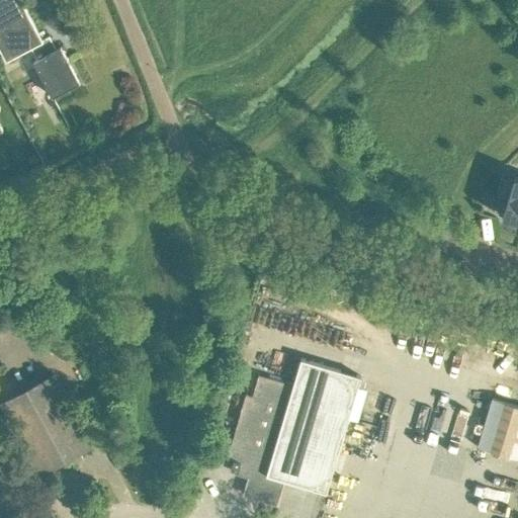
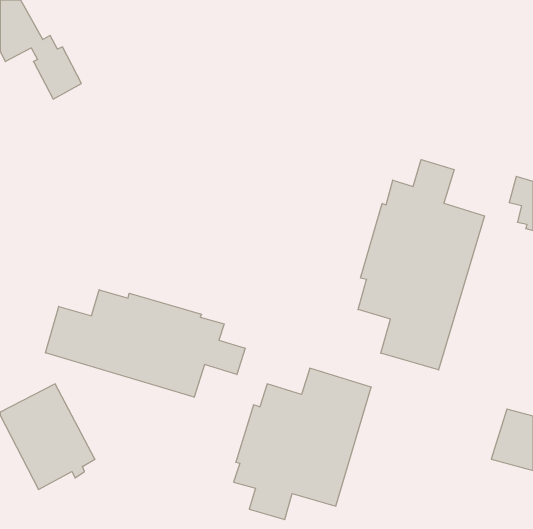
building: none -> [358,160,484,370]
building: none -> [45,290,245,397]

